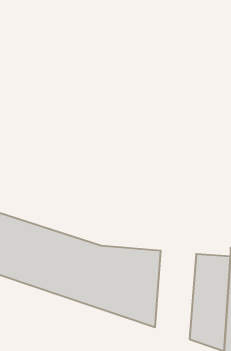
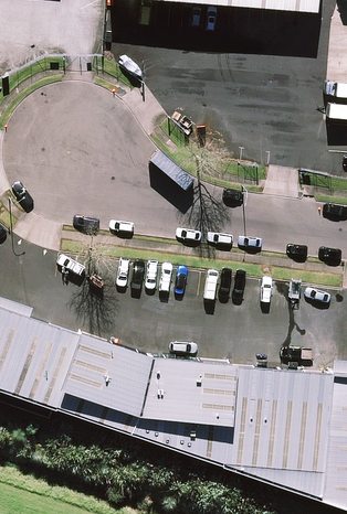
building: none -> [227,361,283,482]

